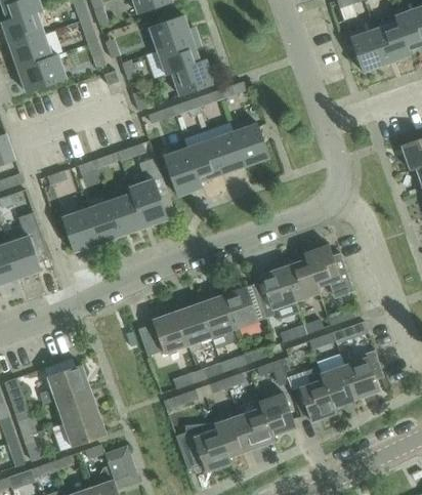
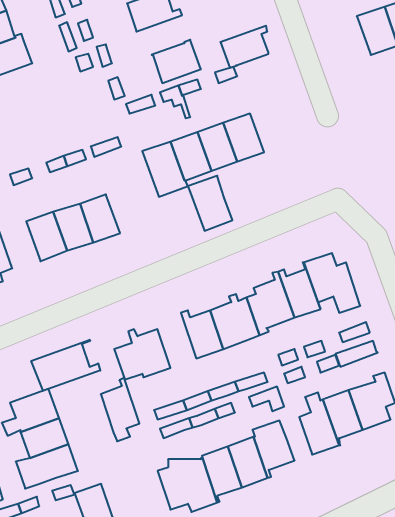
building: [158,36,200,73] -> [220,26,268,68]
building: [129,178,168,226] -> [188,176,232,231]
building: [176,296,210,352] -> [101,378,139,441]
building: none -> [31,340,100,391]

